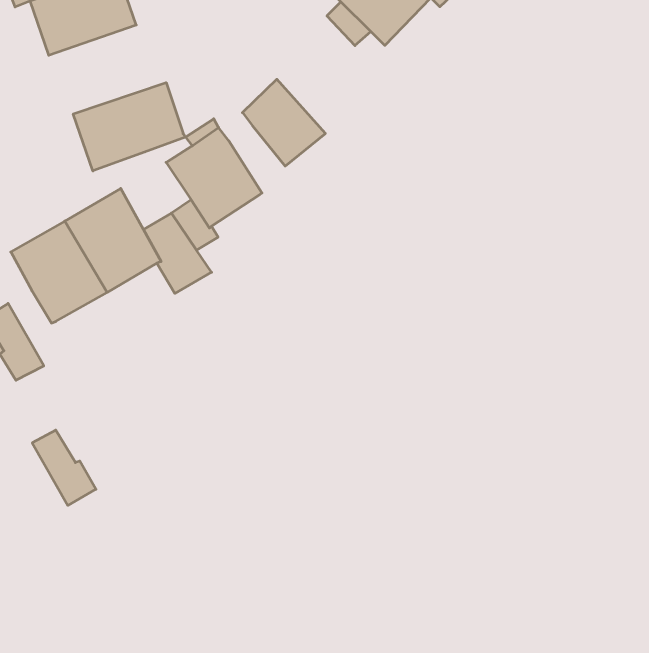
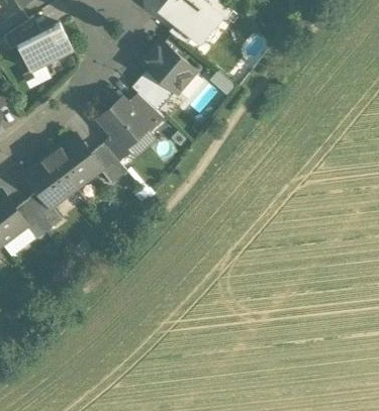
building: none -> [141,42,195,94]
building: [73,83,185,171] -> none
building: none -> [127,95,164,131]
building: [32,430,96,505] -> [26,193,62,230]

